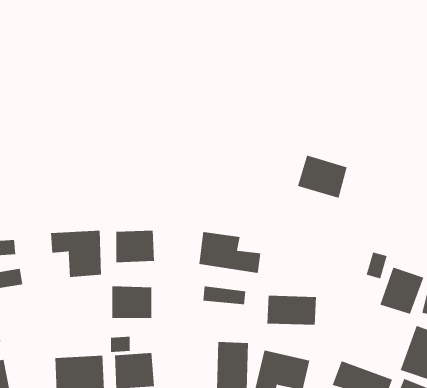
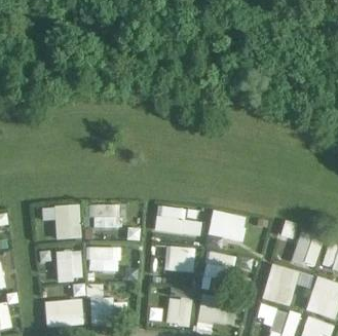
building: [297,155,347,198] -> [208,210,246,242]
building: none -> [55,251,82,282]
building: none -> [262,264,300,306]

